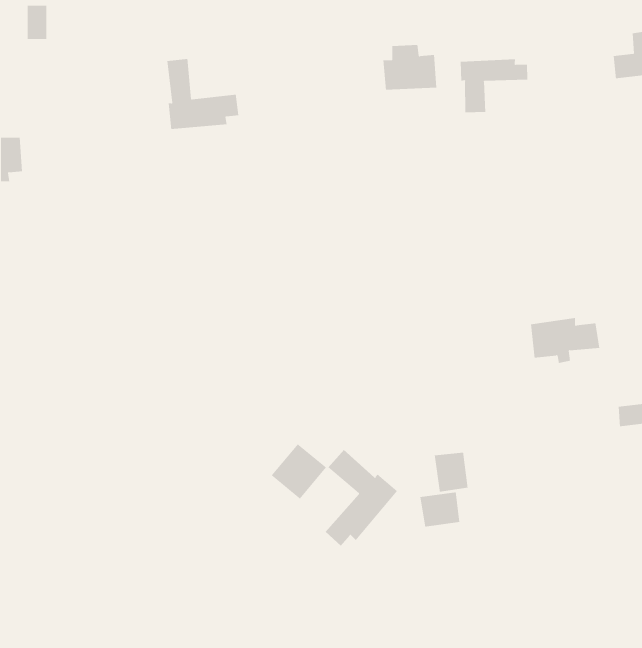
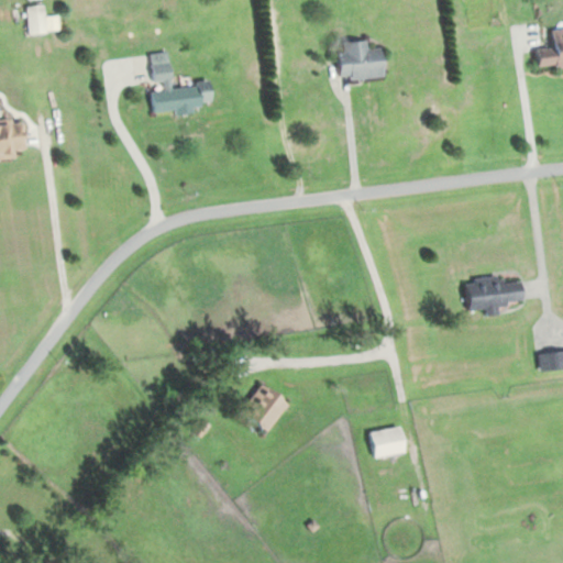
building: [460,58,528,113] -> none
building: [325,449,398,546] -> none
building: [434,452,468,493] -> none

